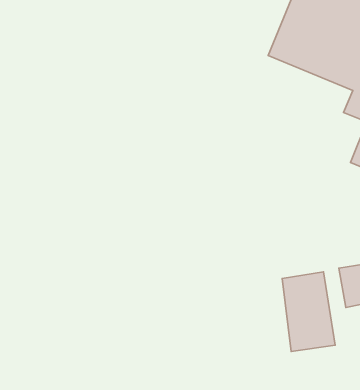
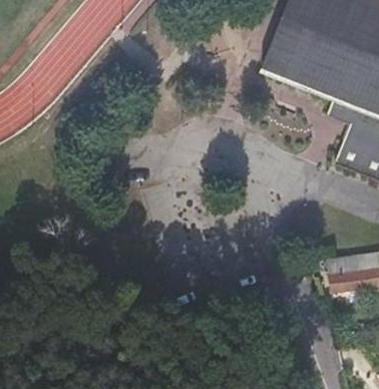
building: [282,272,335,352] -> none

